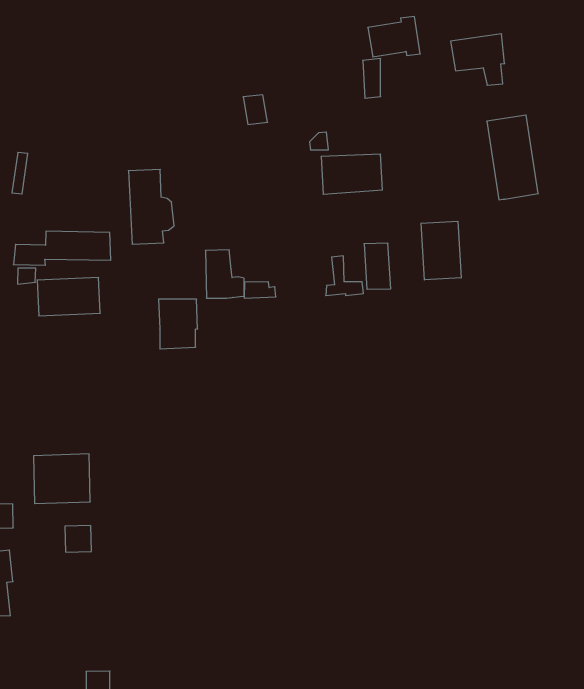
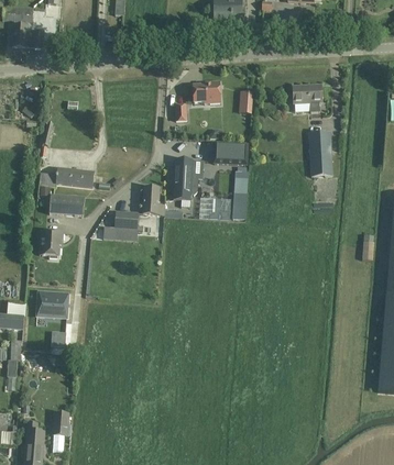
building: [368,17,420,57] -> [193,81,220,102]
building: [128,169,174,244] -> [173,158,197,200]
building: [421,221,461,280] -> none
building: none -> [40,230,63,258]

